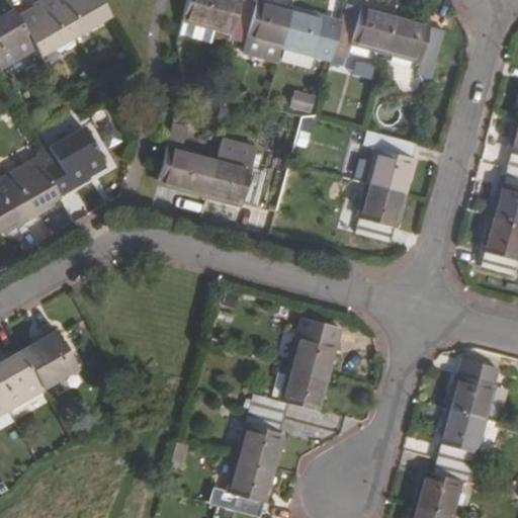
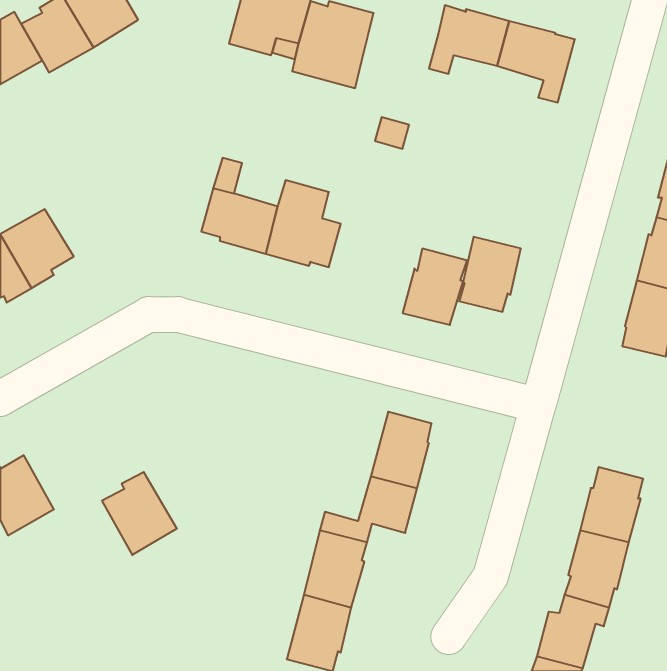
building: [282,10,341,60] -> none
building: [41,130,105,197] -> none
building: [368,133,418,191] -> [403,249,467,325]
building: [22,328,80,392] -> [102,472,177,555]

